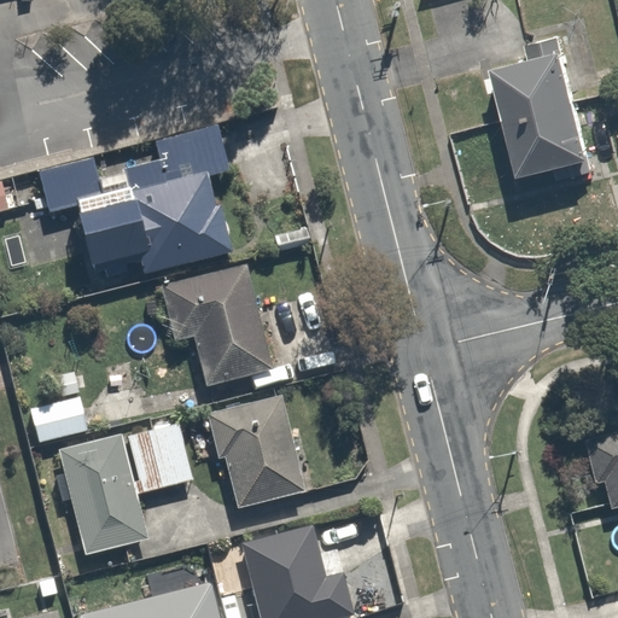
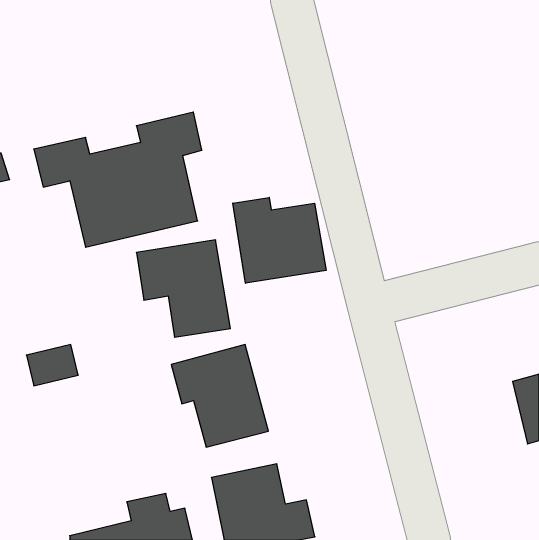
building: [502,45,599,171] -> none
building: none -> [233,197,326,283]
building: [59,420,193,558] -> none

